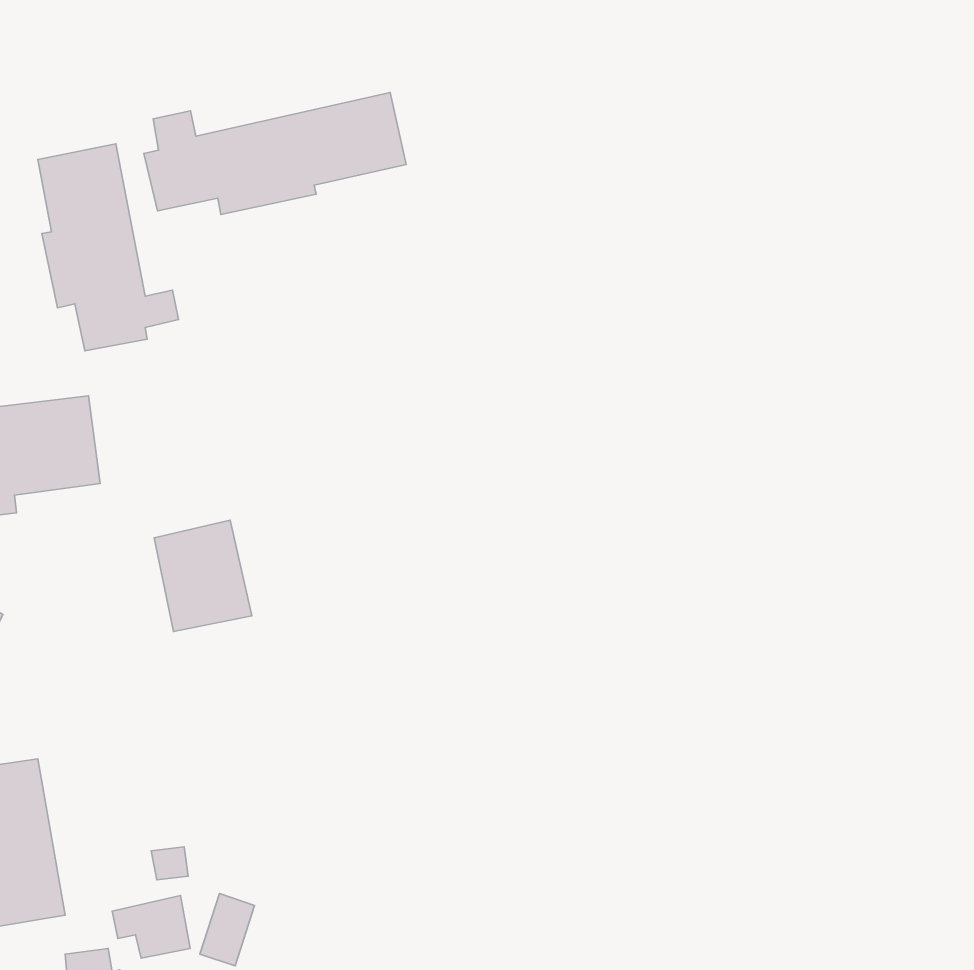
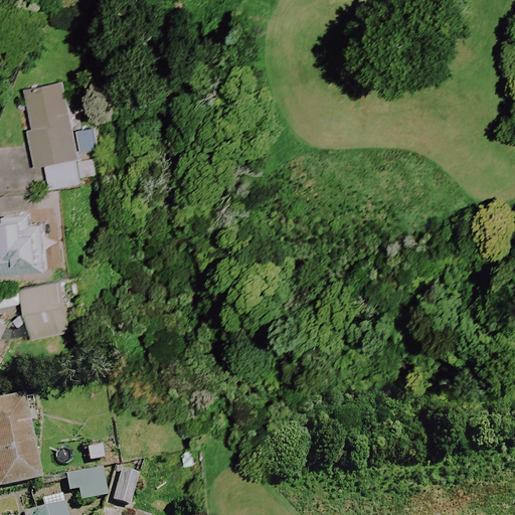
building: [144,93,406,214] -> none
building: [154,520,252,632] -> [20,280,70,337]

